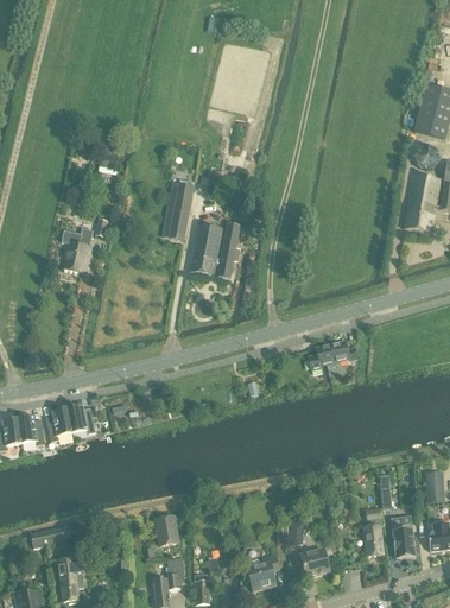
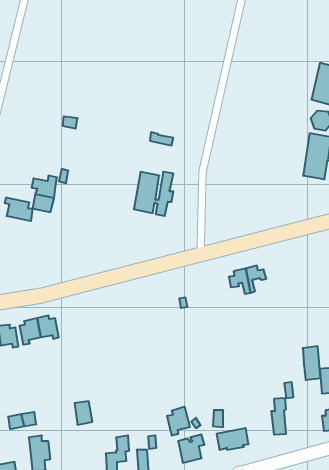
building: [163,178,194,240] -> none
building: none -> [5,197,33,221]
building: [156,515,178,545] -> [75,401,92,425]
building: [392,515,414,558] -> [303,346,321,380]
building: none -> [167,407,190,436]

